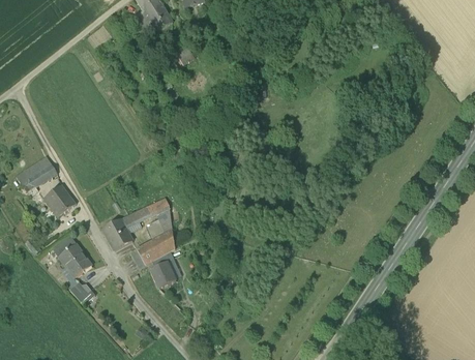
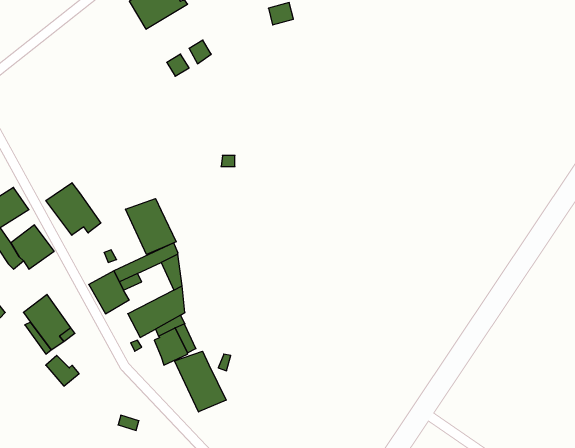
building: none -> [46,183,101,235]
building: none -> [126,199,176,254]
building: none -> [174,351,226,412]

